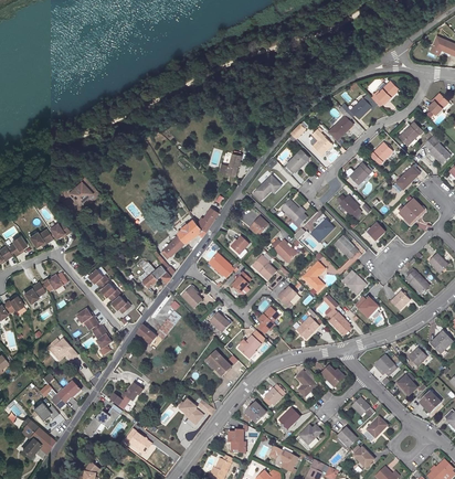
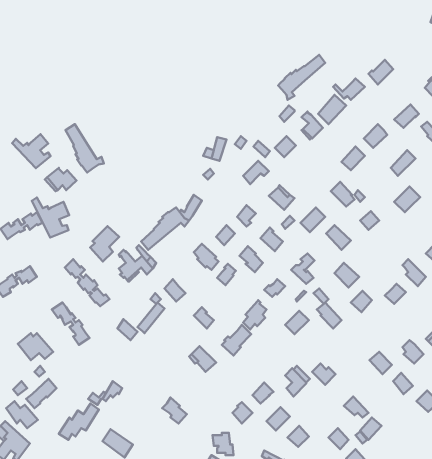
building: none -> [278,55,325,100]
building: none -> [65,124,104,172]
building: none -> [12,134,51,168]
building: none -> [32,197,69,238]
building: none -> [90,226,119,262]

